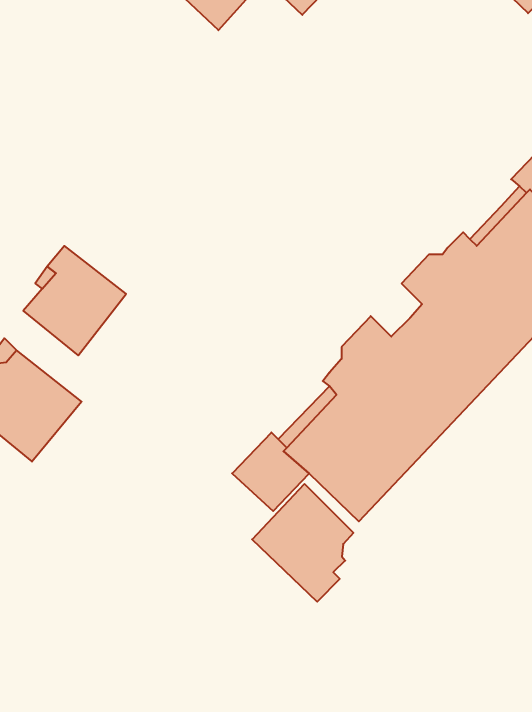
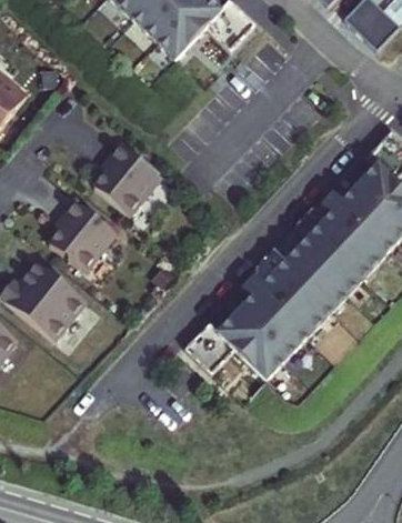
building: none -> [94,142,161,214]
building: [252,484,353,602] -> none

